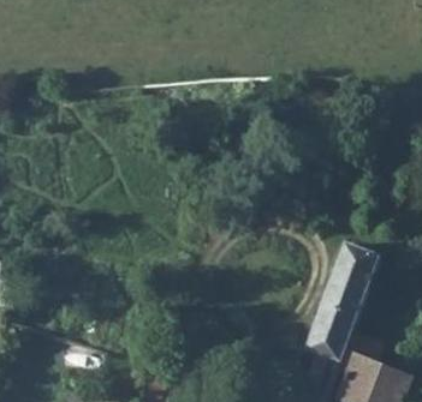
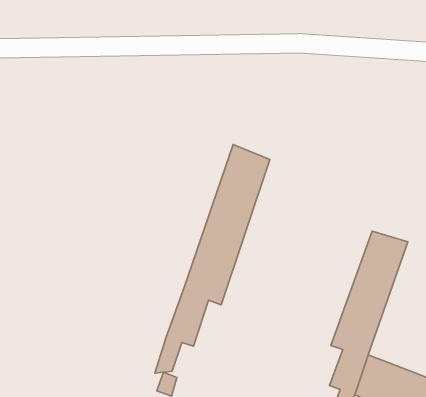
building: none -> [155,144,270,373]

